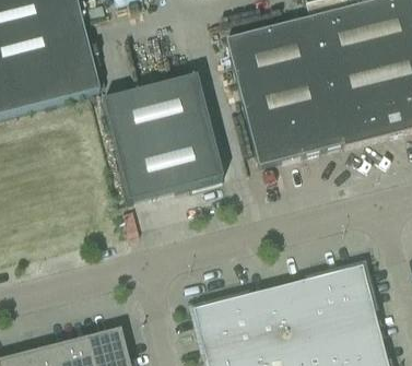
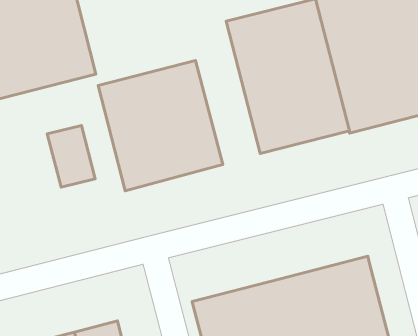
building: none -> [47,125,95,187]

